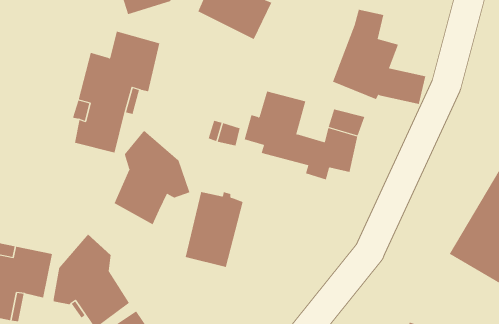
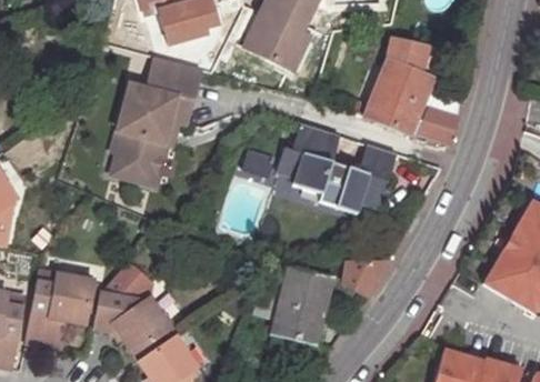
building: [114,130,190,225] -> none
building: [185,192,244,268] -> [273,270,331,344]
building: none -> [342,260,389,295]

